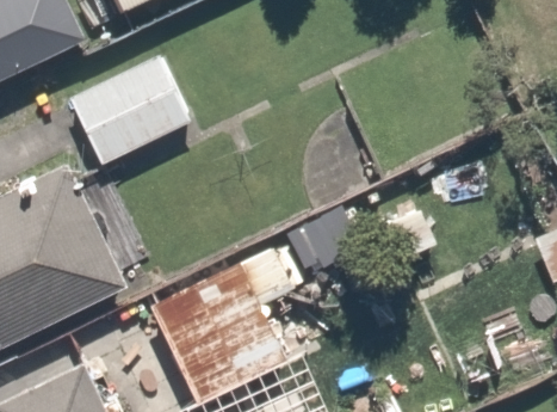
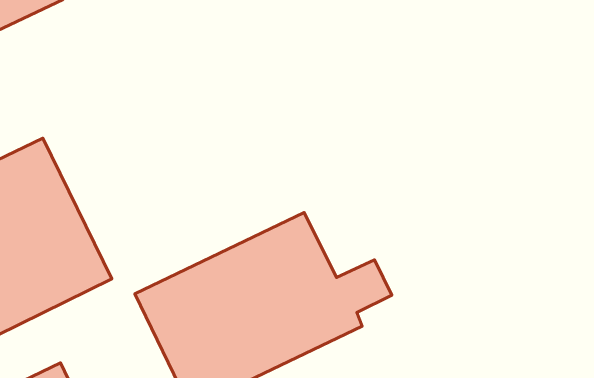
building: [67,55,192,167] -> none

